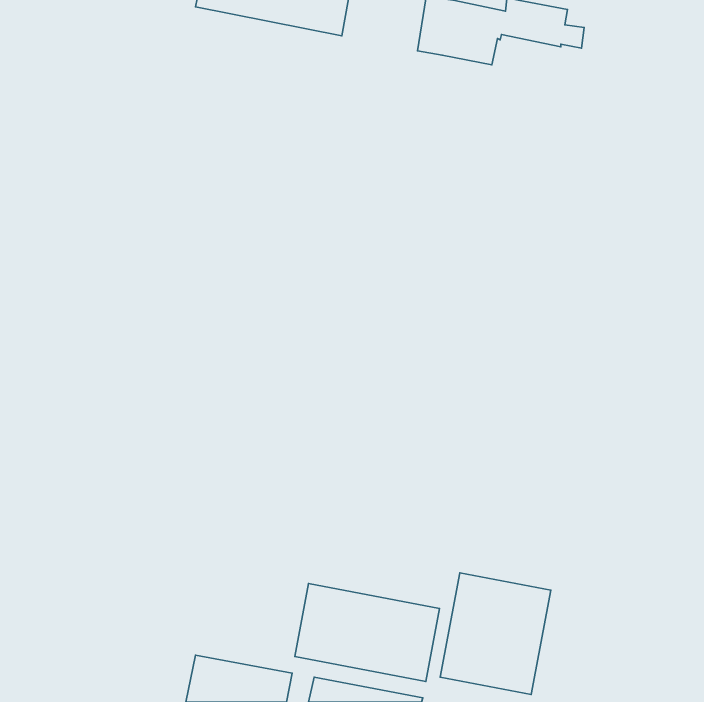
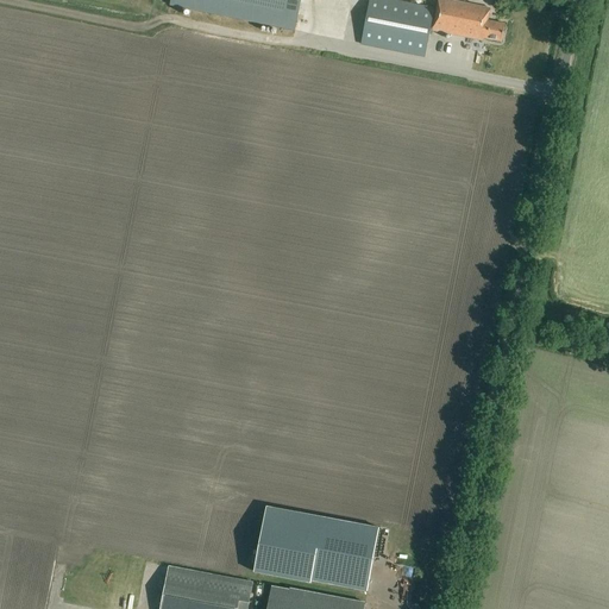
building: [440,573,551,695] -> none

